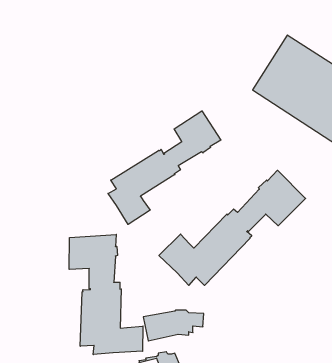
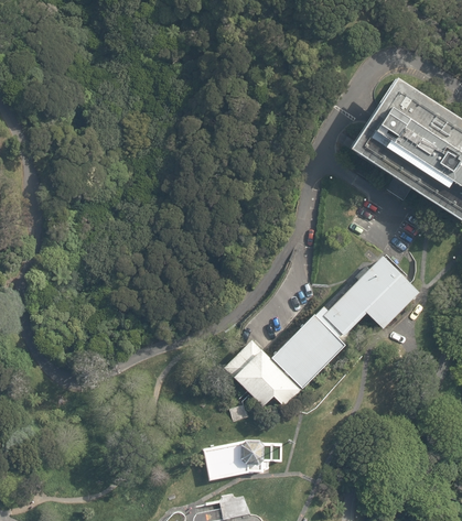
building: [108,111,221,224] -> none
building: [69,234,143,355] -> none

